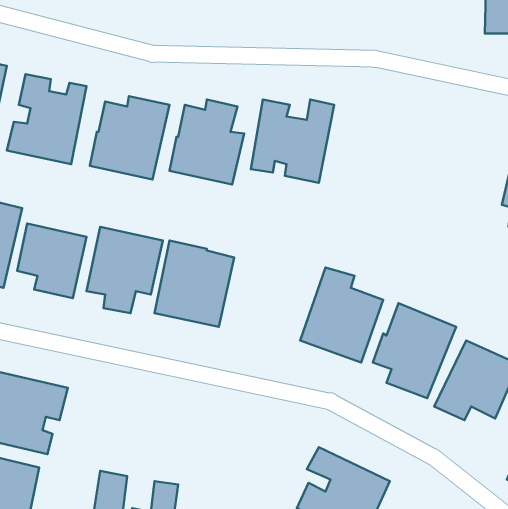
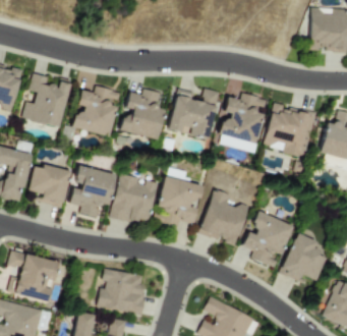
building: none -> [218,93,268,153]
building: none -> [264,103,316,156]
building: none -> [158,177,201,222]
building: none -> [98,269,147,315]

